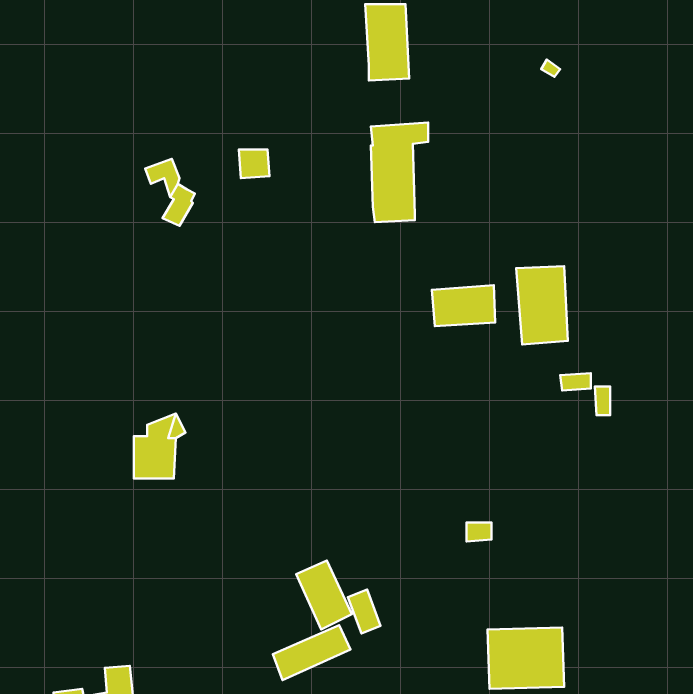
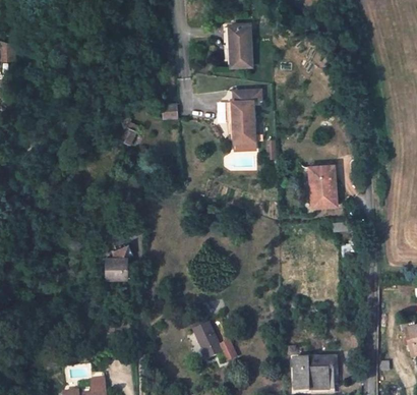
building: [432,285,495,326] -> none
building: [273,625,350,680] -> none

